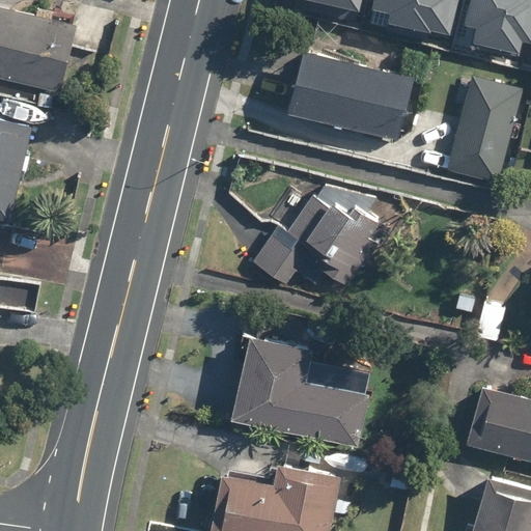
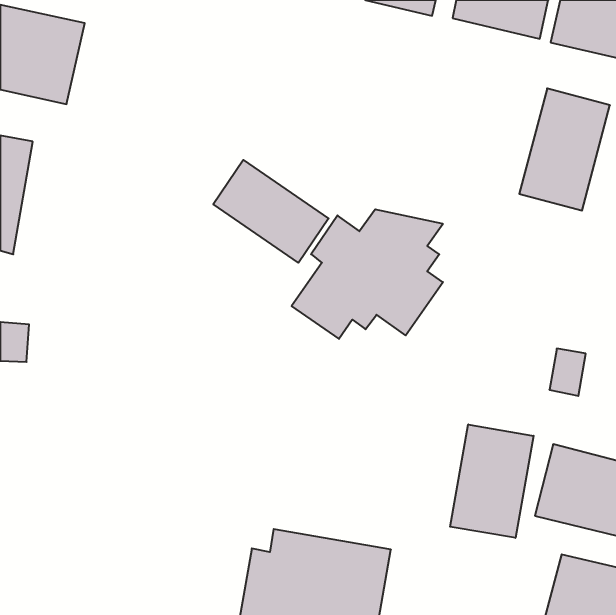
building: [285,50,412,142] -> none
building: none -> [213,160,329,263]
building: [228,337,370,447] -> none
building: none -> [450,424,534,538]

